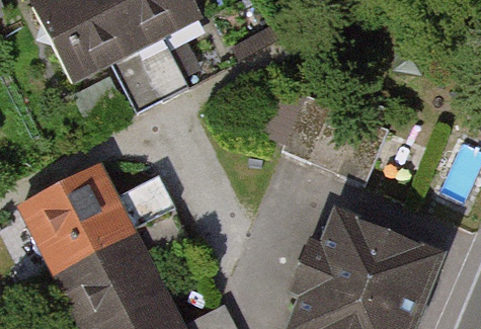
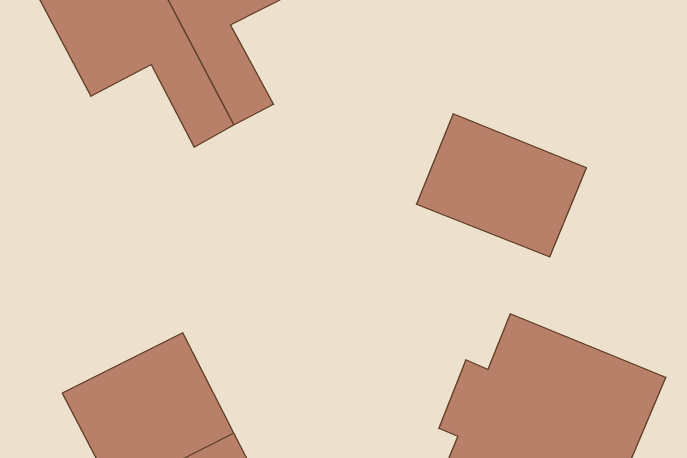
building: [21,165,130,268] -> none

